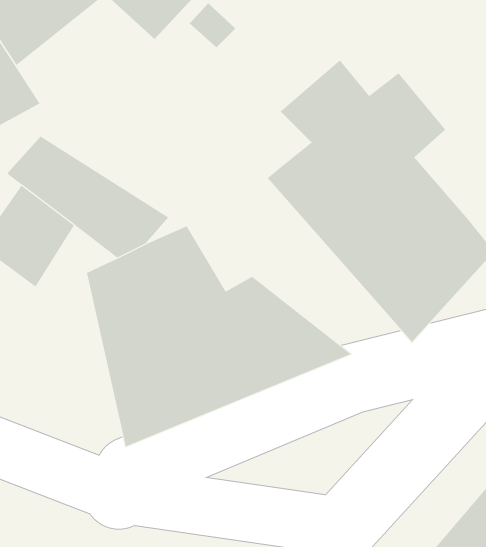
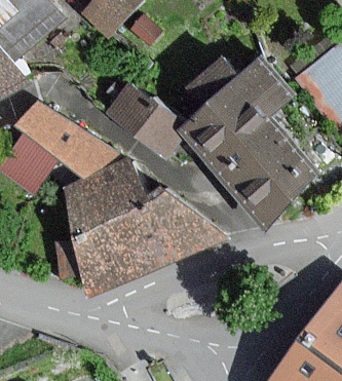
building: none -> [101,80,183,159]

